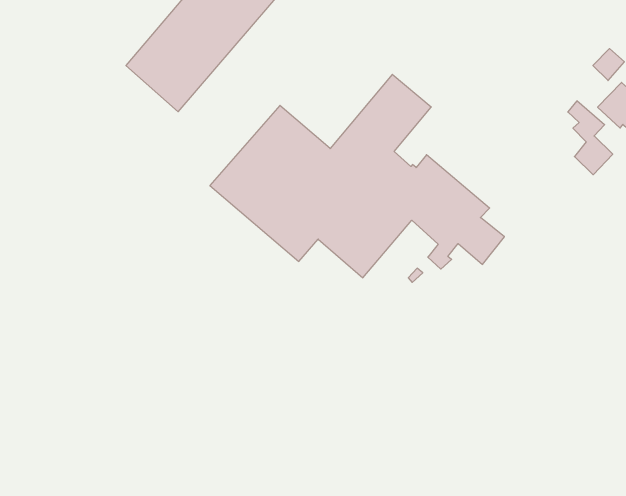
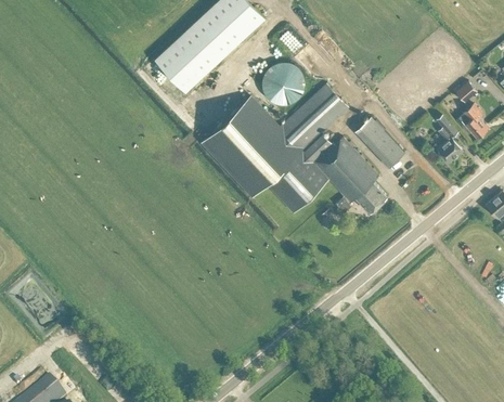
building: none -> [262,61,305,104]
building: none -> [357,117,405,167]

